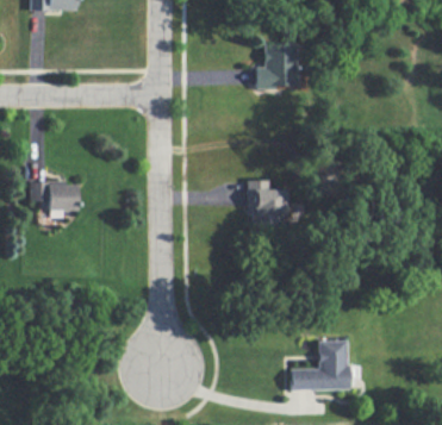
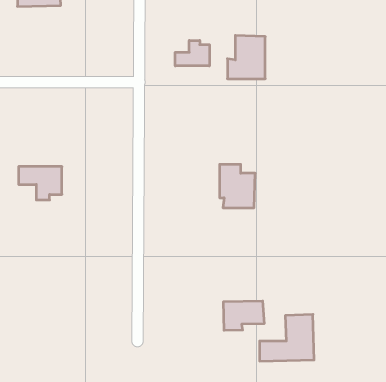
building: none -> [175,40,209,66]
building: none -> [224,301,264,330]

